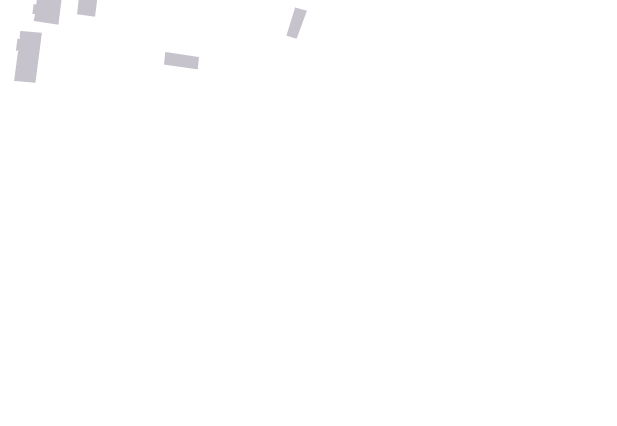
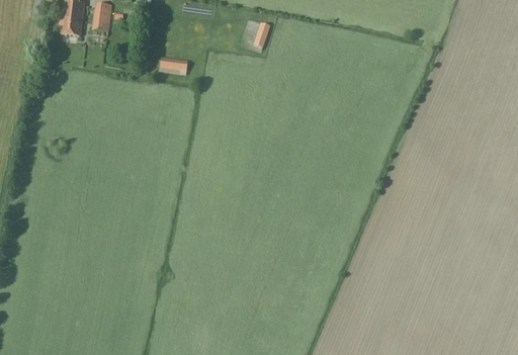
building: [13,30,42,84] -> none

